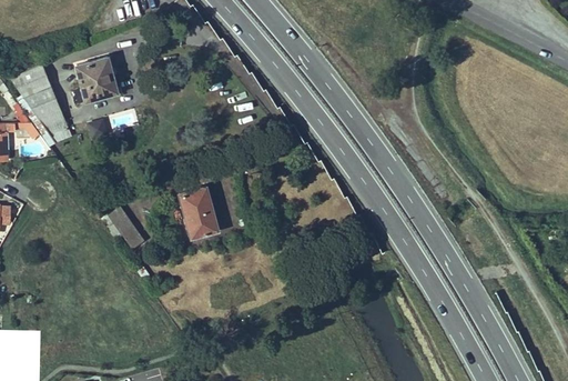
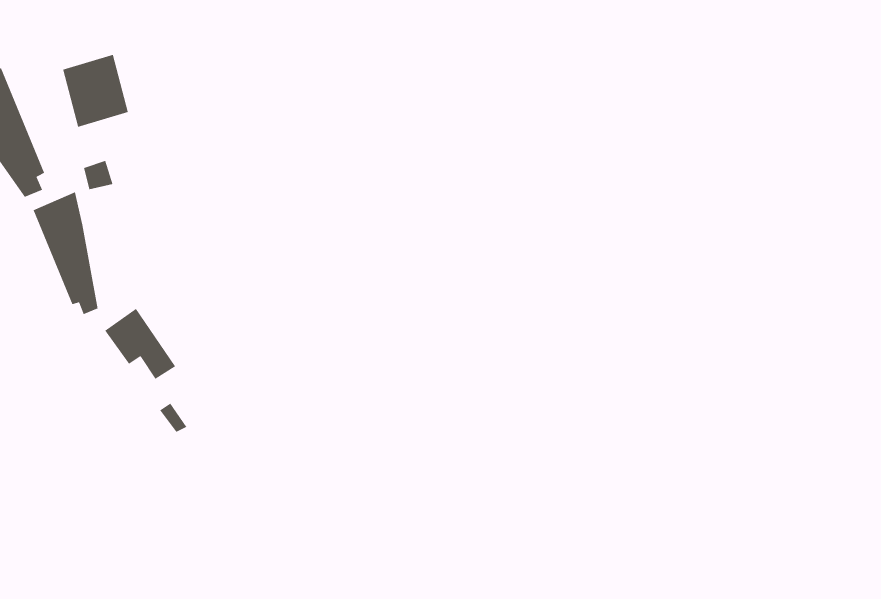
building: none -> [33,191,99,315]
building: [179,187,217,238] -> none

